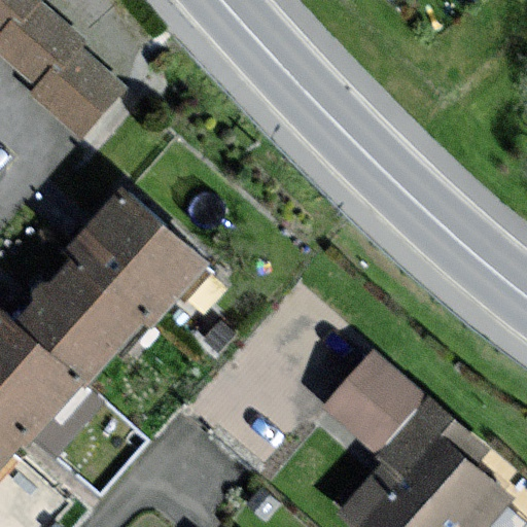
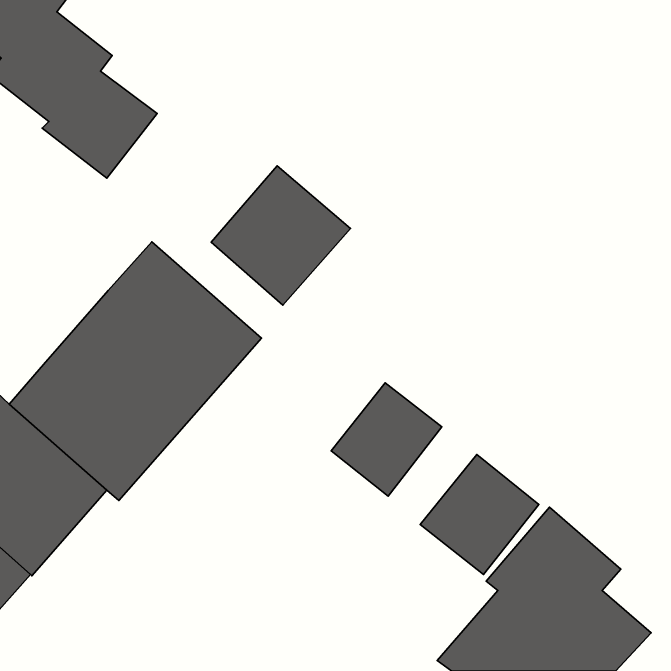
building: none -> [211,166,350,305]
building: none -> [331,383,442,496]

